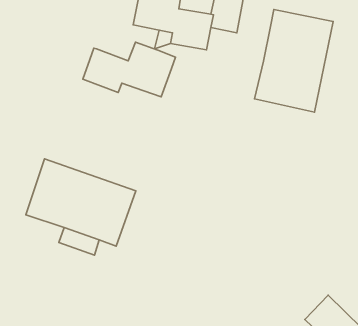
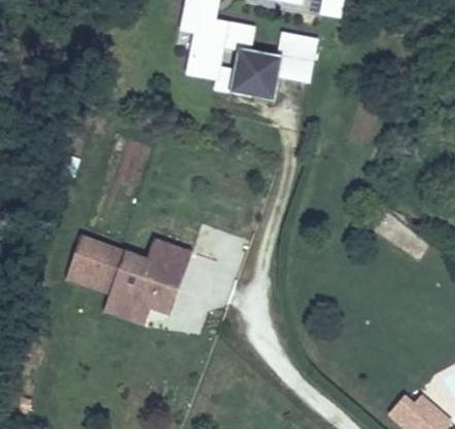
building: [255,9,333,112] -> none
building: [83,42,175,97] -> none

